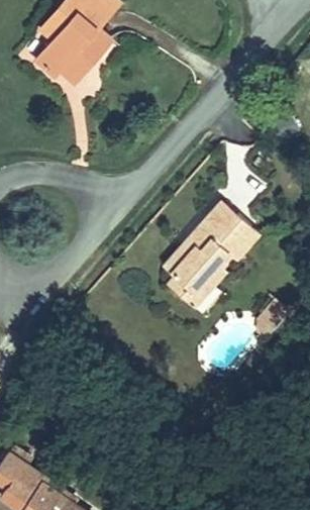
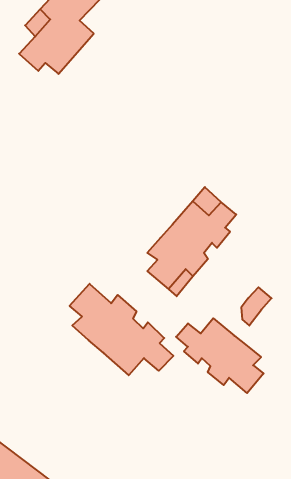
building: none -> [70,284,173,375]
building: none -> [176,318,264,393]

